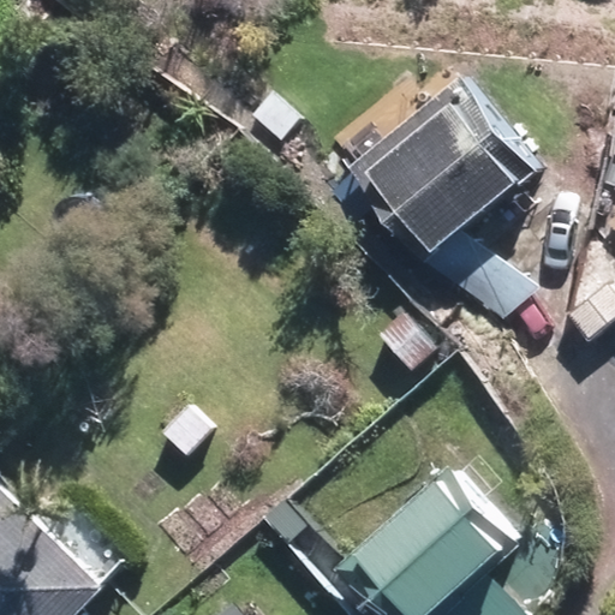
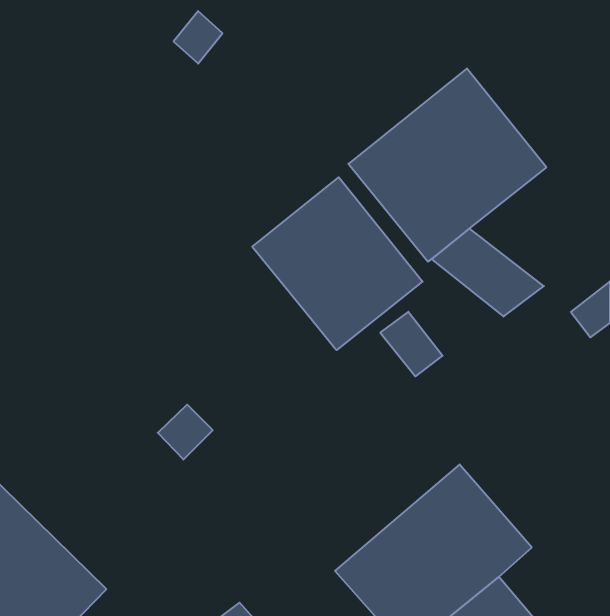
building: none -> [252,177,423,350]

